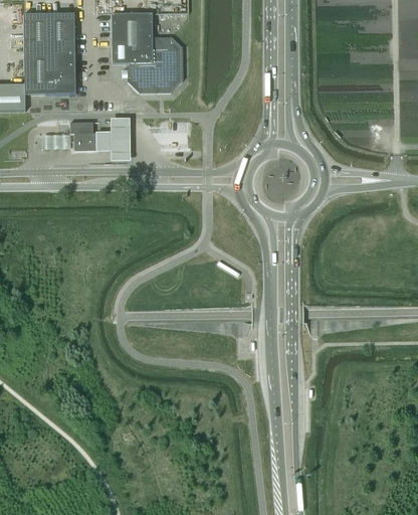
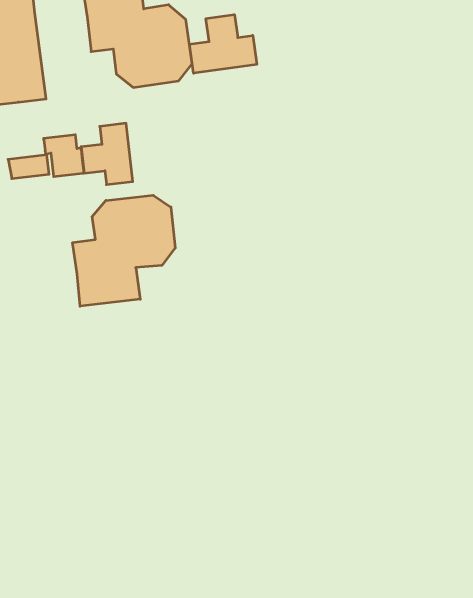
building: none -> [189,15,257,73]
building: none -> [73,195,175,306]

